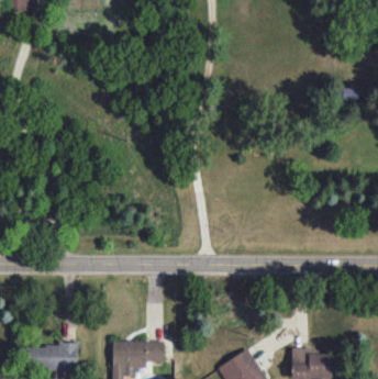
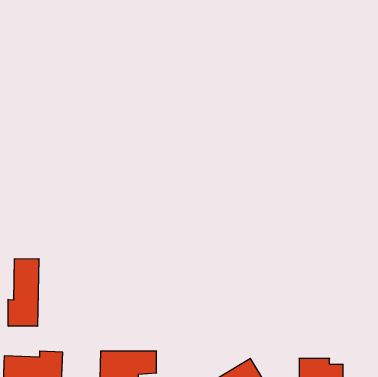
building: none -> [8,259,39,326]

